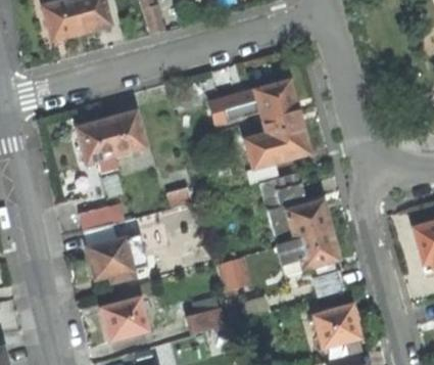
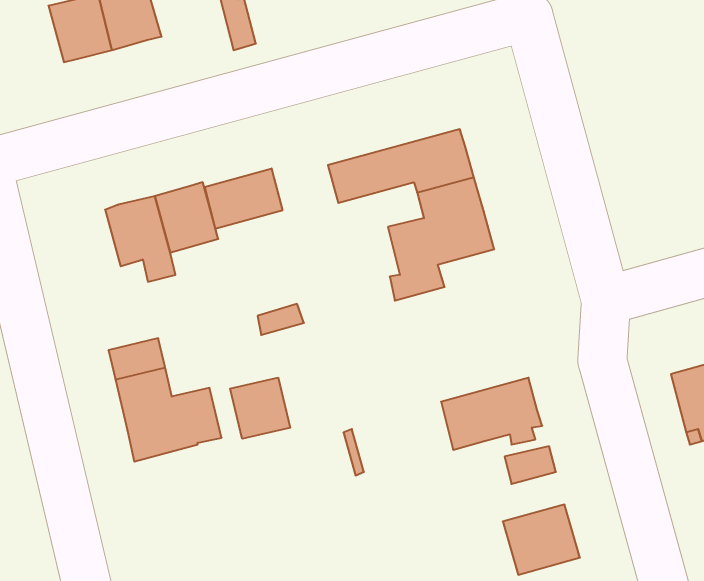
building: none -> [205,168,282,229]
building: [259,172,329,243] -> none
building: none -> [230,378,290,439]
building: [189,294,224,332] -> none
building: [101,298,146,340] -> none

